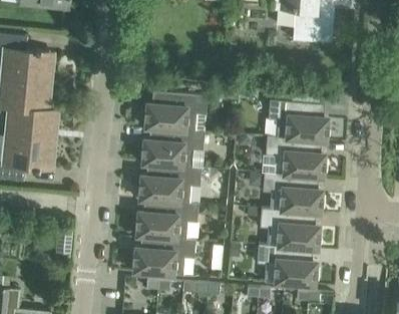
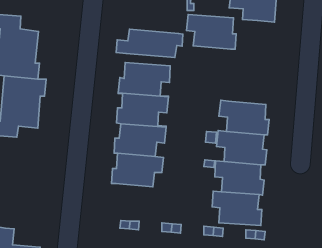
building: none -> [116,29,183,58]
building: [268,99,327,140] -> [187,15,236,49]
building: [133,235,195,275] -> none

